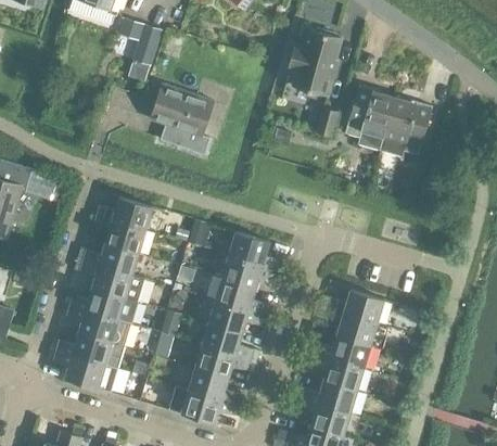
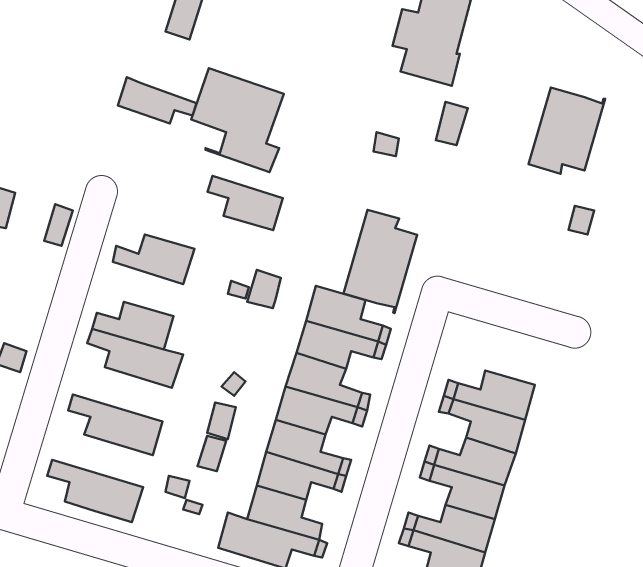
building: [345,85,395,150] -> none
building: none -> [118,77,196,123]
building: none -> [343,210,417,313]
building: [94,216,145,253] -> [208,176,283,230]
building: [71,288,138,324] -> none
building: [56,333,125,369] -> none

